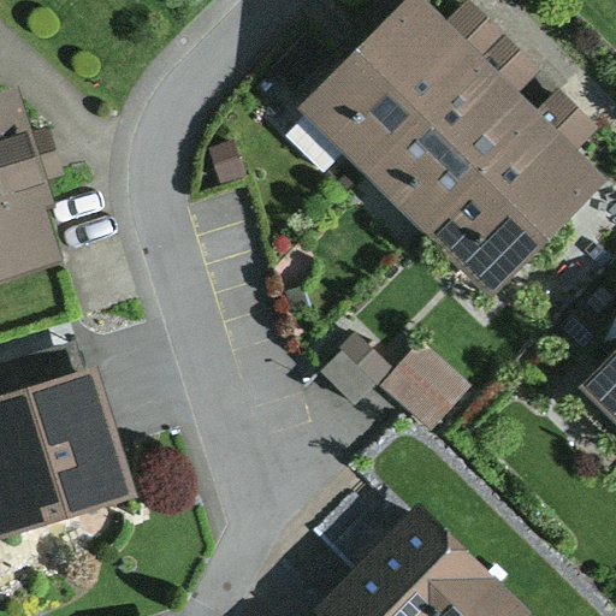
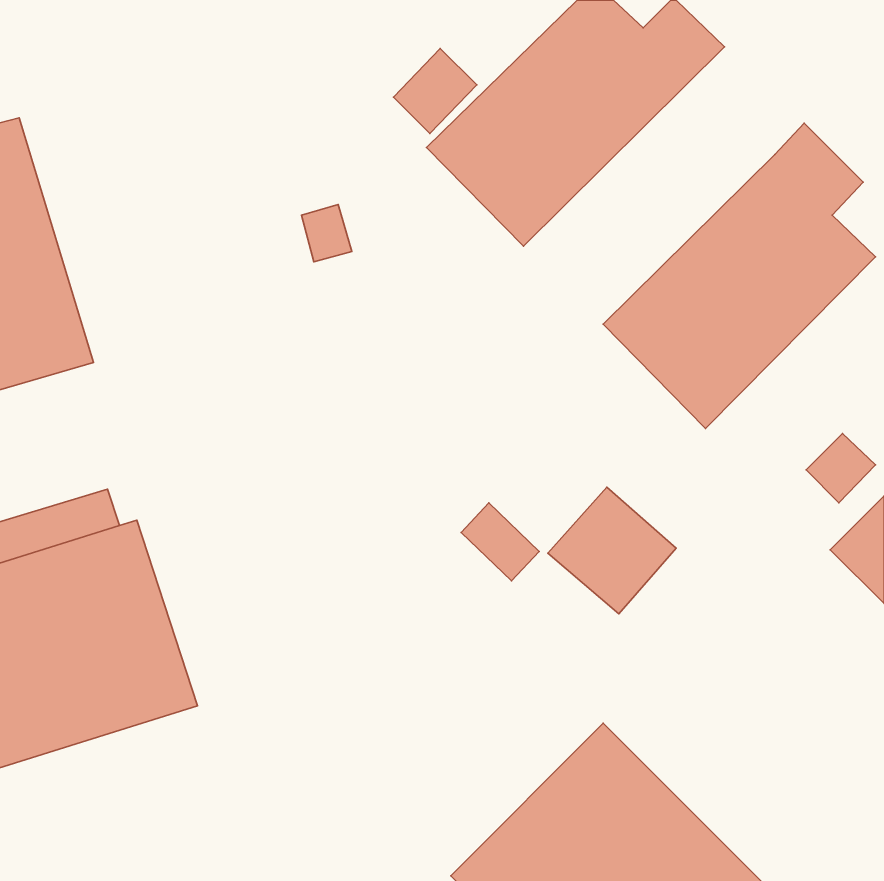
building: [363,36,538,229] -> none

